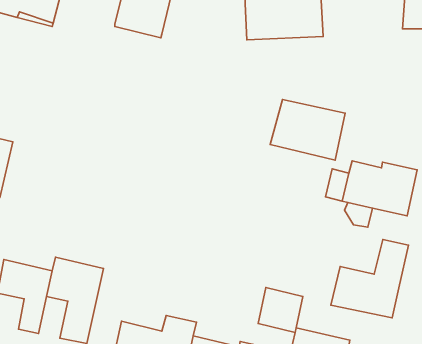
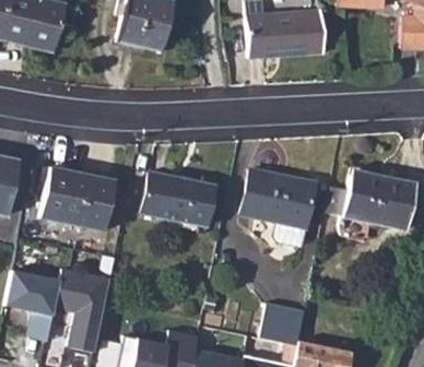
building: [270,100,345,160] -> [243,169,316,228]
building: none -> [39,166,116,230]
building: none -> [142,169,216,224]
building: [331,240,409,318] -> none

